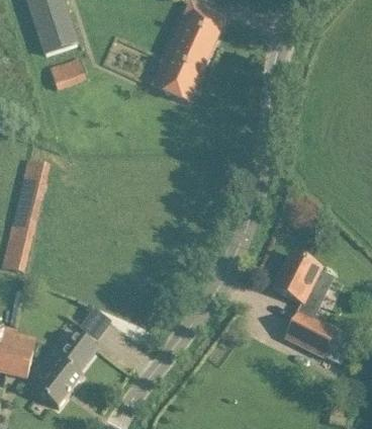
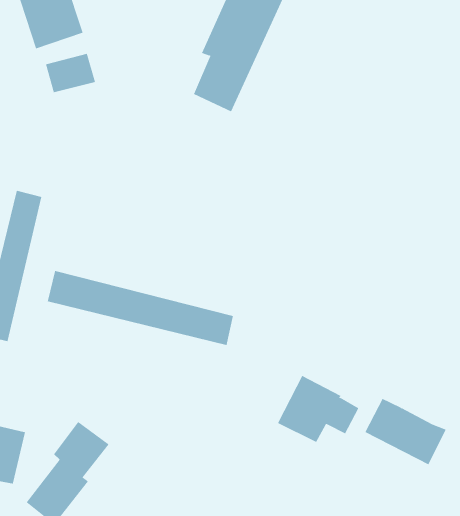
building: none -> [47,270,234,346]
building: [274,253,335,303] -> [277,375,359,442]
building: [79,307,110,338] -> none

